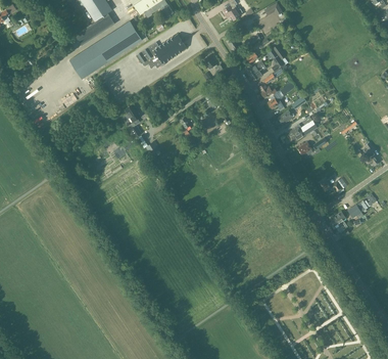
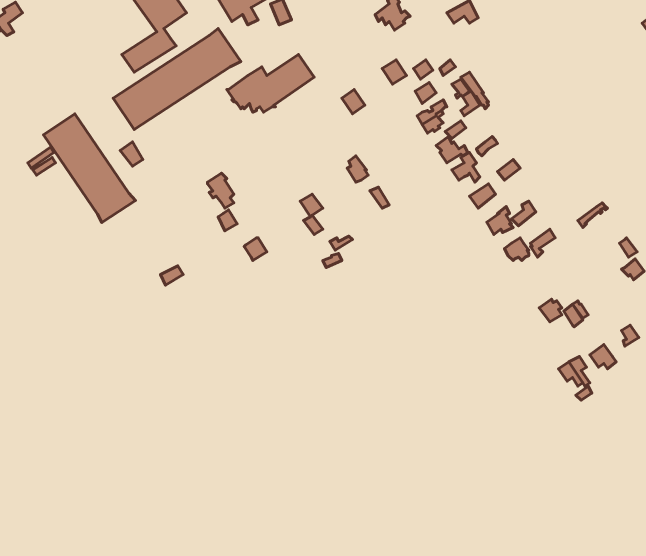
building: none -> [43,114,136,223]

